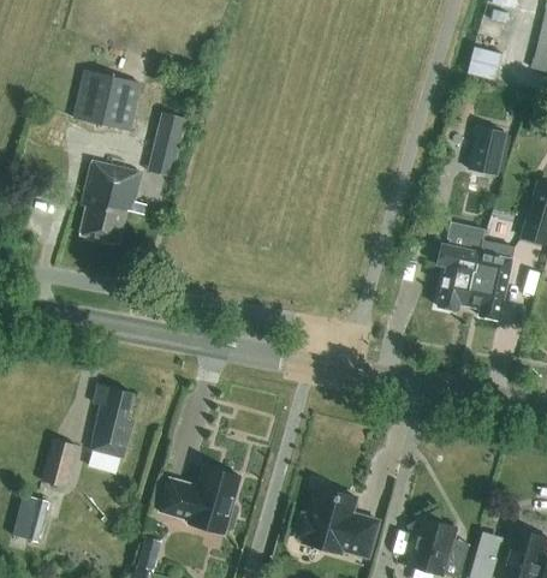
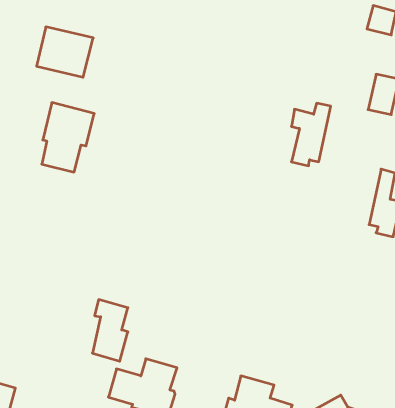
building: [147,113,188,179] -> none
building: [438,236,484,310] -> [291,103,331,166]
building: [91,383,133,457] -> [92,300,128,361]
building: [43,439,77,487] -> none

